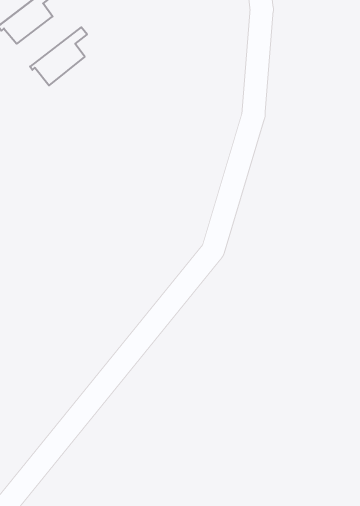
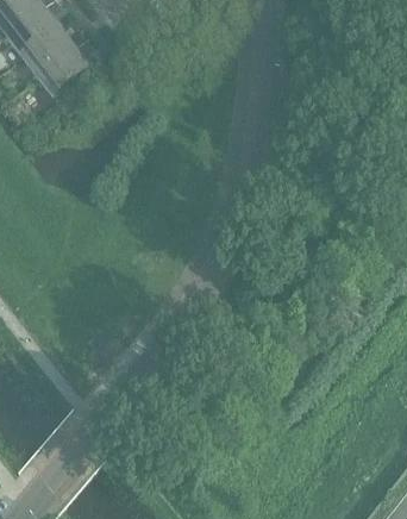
building: none -> [20,24,84,74]

